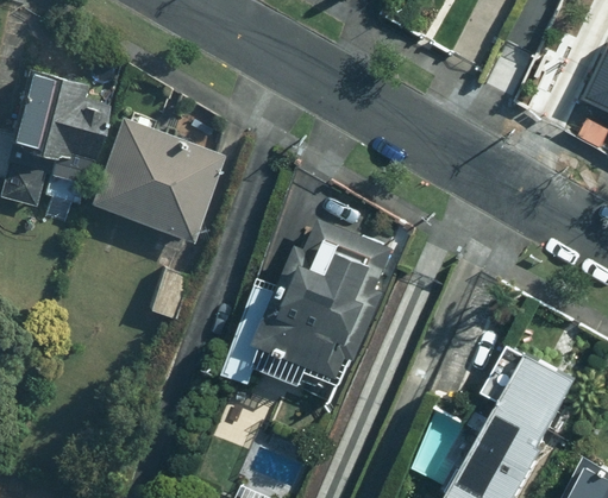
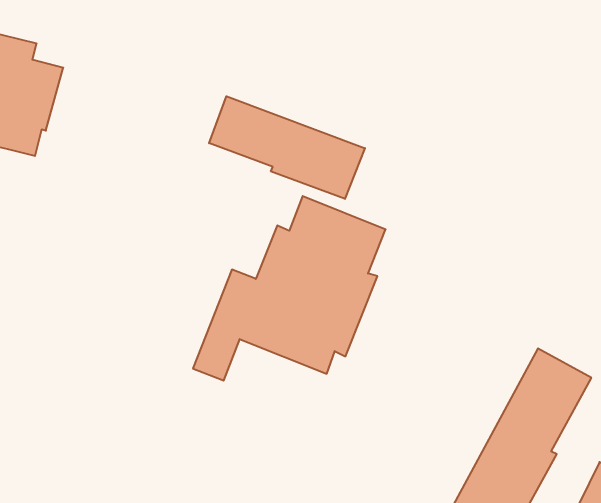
building: [87,118,224,244] -> none
building: none -> [209,96,365,199]

